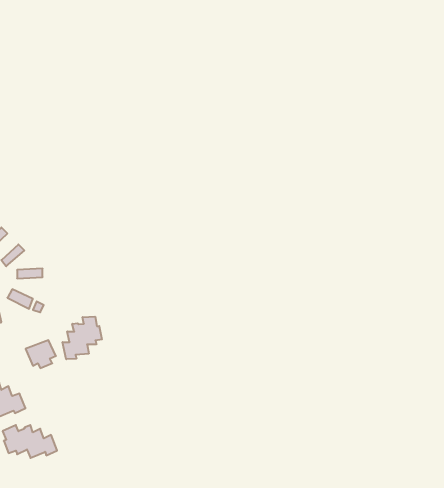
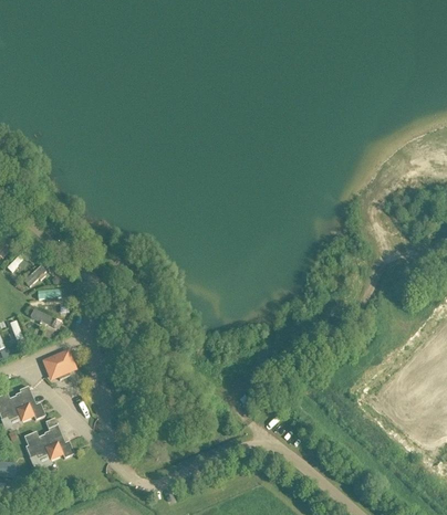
building: [63,317,102,359] -> none

